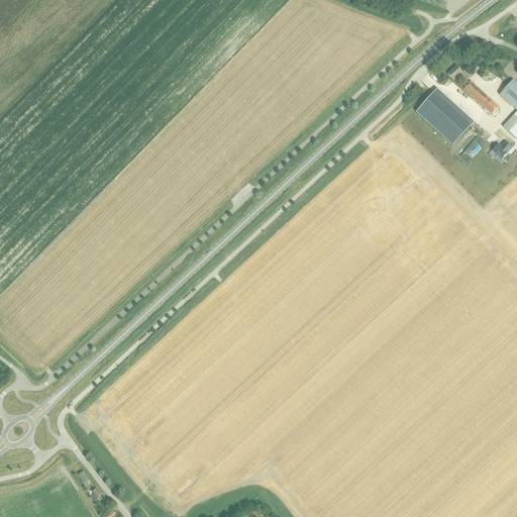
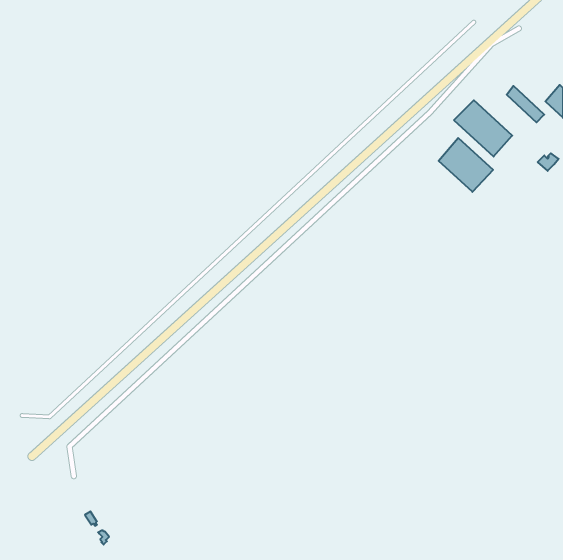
building: none -> [439,138,493,192]

